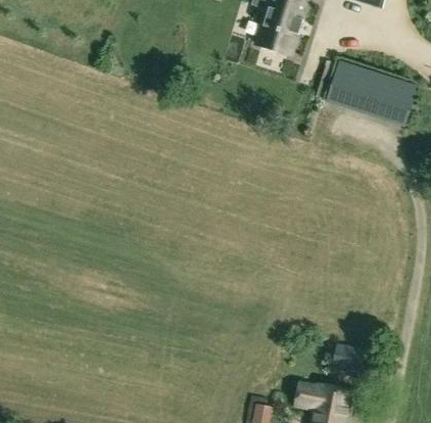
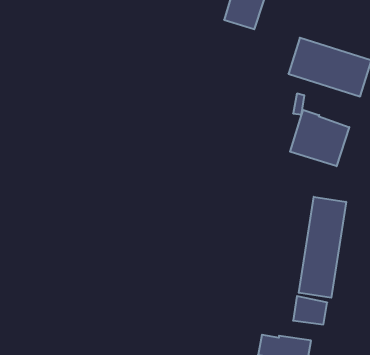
building: none -> [290,110,349,166]
building: none -> [299,197,346,298]

